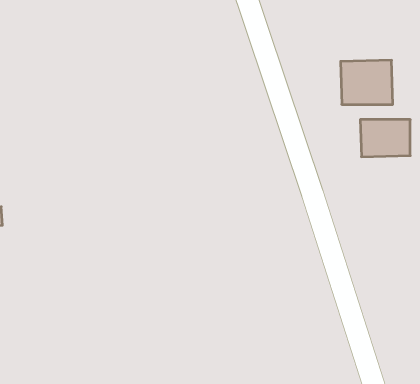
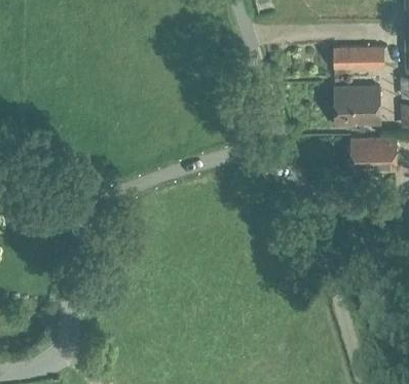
building: none -> [332,46,384,69]

